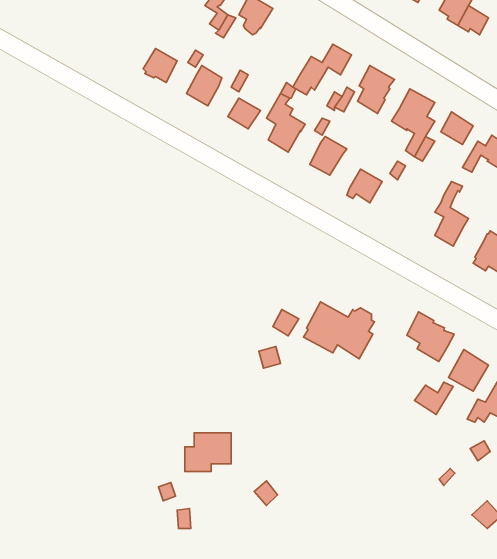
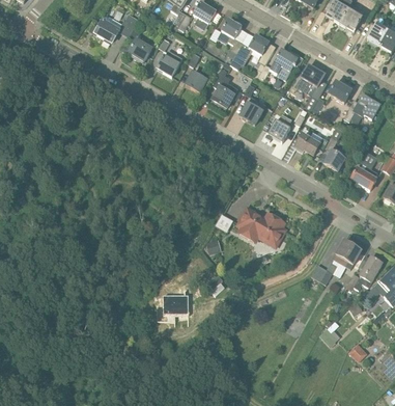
building: none -> [95,12,137,43]
building: none -> [220,18,242,56]
building: none -> [294,132,329,155]
building: [407,312,454,362] -> none

